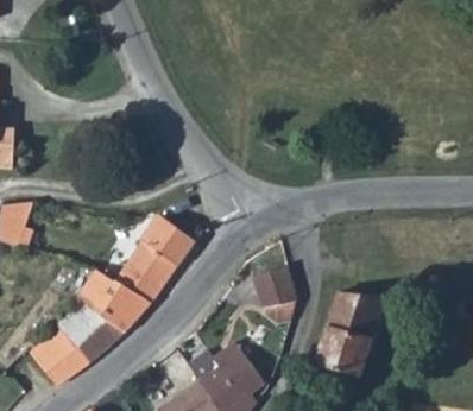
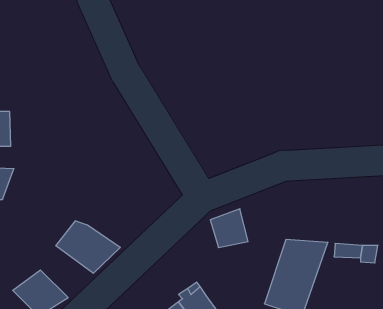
building: [113,214,195,301] -> none
building: [52,298,120,359] -> none

